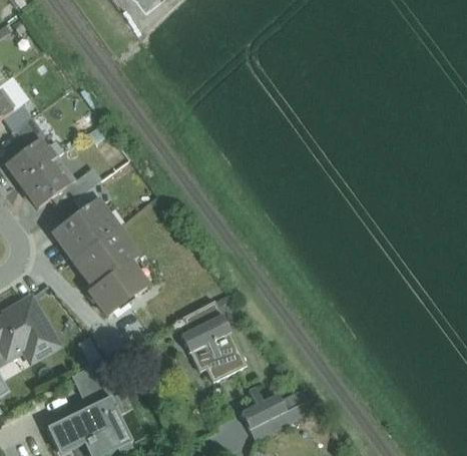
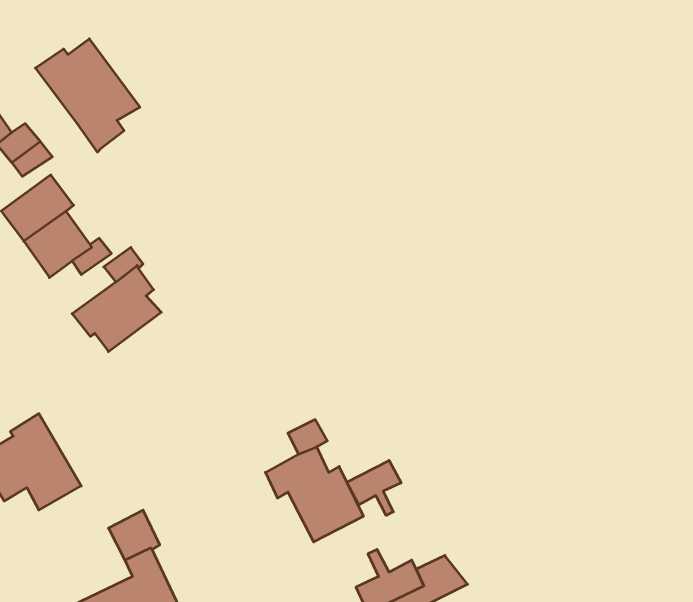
building: none -> [35,39,140,152]
building: [73,225,146,315] -> none
building: none -> [347,460,401,515]

